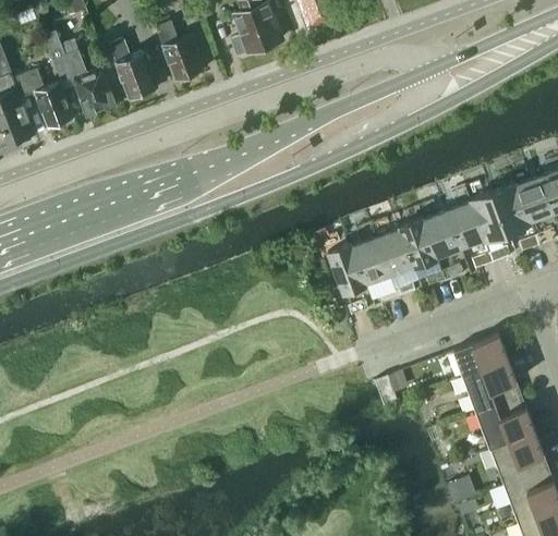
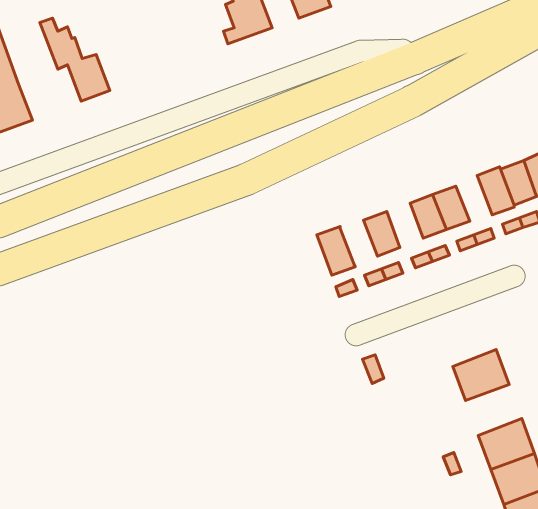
building: [156,21,205,81] -> none
building: [109,38,157,98] -> none
building: [14,69,74,129] -> none
building: [470,192,508,241] -> none
building: [399,218,438,268] -> none
building: [352,237,390,283] -> none
building: [453,334,512,388] -> none
building: [481,406,538,459] -> none

